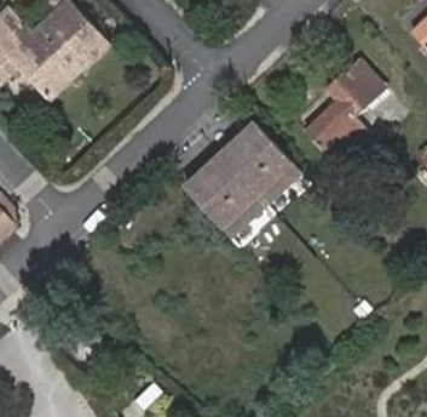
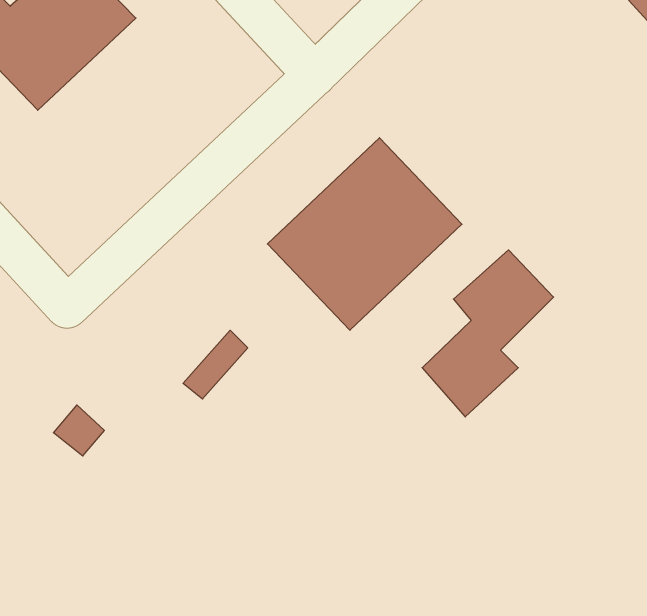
building: [305,57,386,160] -> [422,250,554,417]

